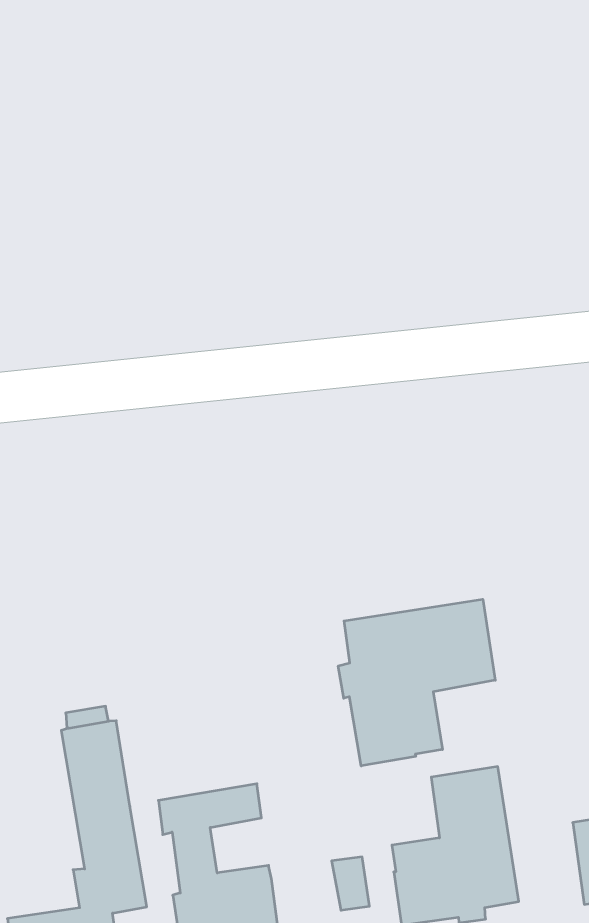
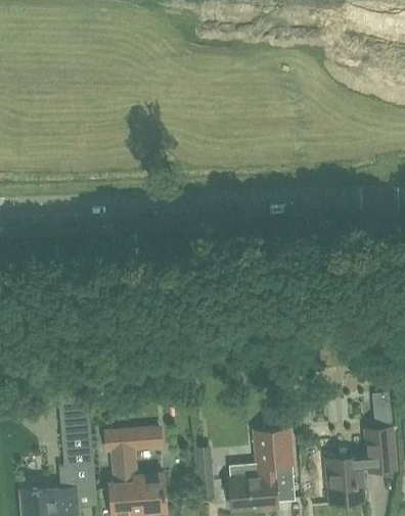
building: [338,599,495,766] -> none

